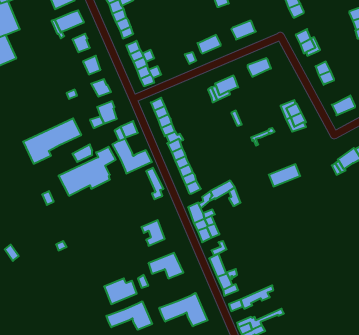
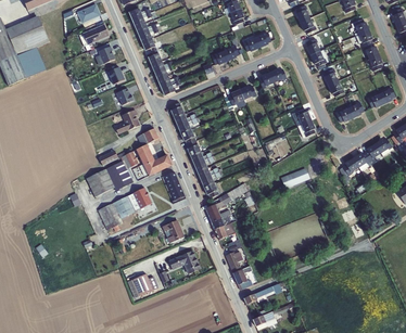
building: [23,118,81,164] -> [98,189,152,231]
building: [159,293,208,326] -> none
building: [106,301,152,330] -> none

